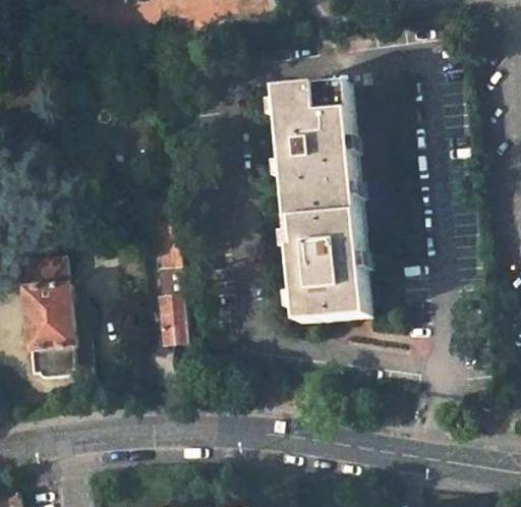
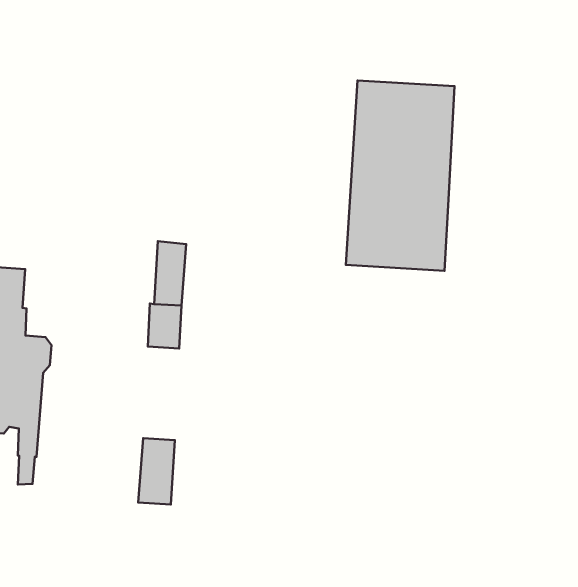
building: [285,214,363,324] -> none
building: [154,296,180,344] -> [138,438,175,504]

